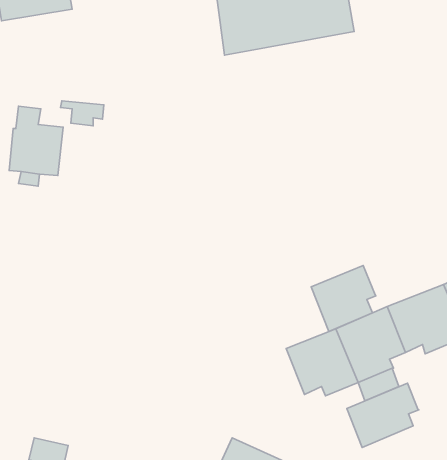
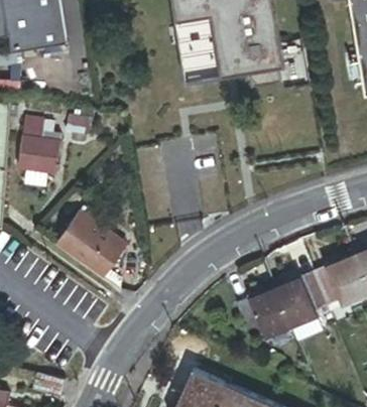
building: none -> [57,212,128,278]
building: [311,265,376,332] -> none
building: [347,383,419,448] -> none

